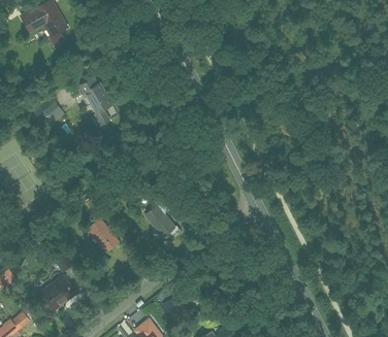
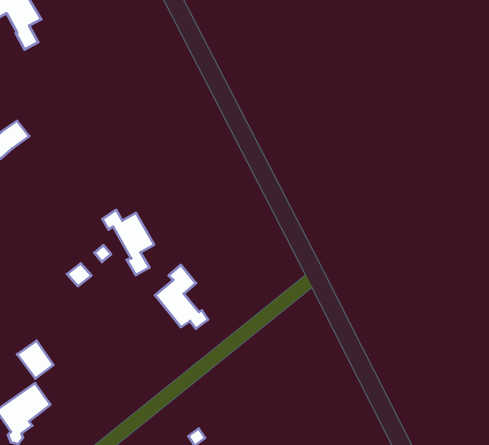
building: [77,80,112,125] -> [102,210,154,275]
building: [86,217,119,252] -> none

